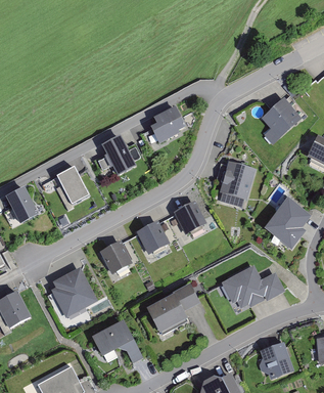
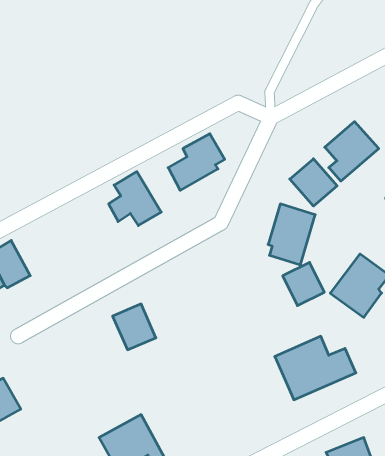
building: none -> [290,159,337,206]
building: [54,168,87,209] -> none
building: [173,198,204,230] -> [283,262,324,306]
building: [133,216,167,251] -> none
building: [49,267,101,321] -> none
building: [148,285,200,335] -> none

